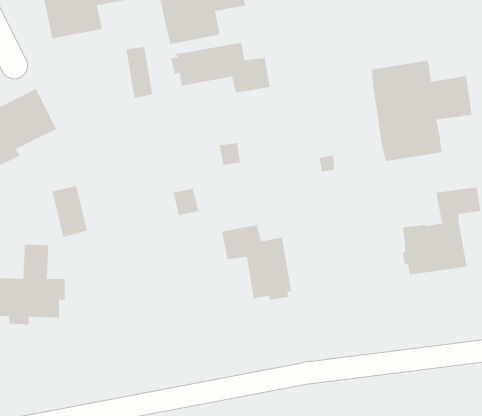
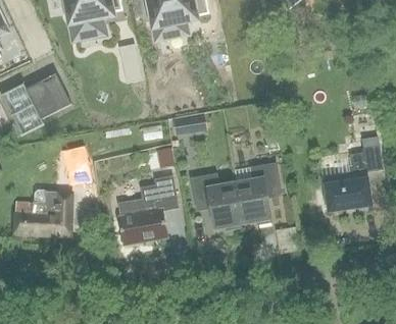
building: [169,42,270,93] -> none
building: [371,60,472,162] -> none
building: none -> [237,162,283,224]
building: none -> [117,175,179,245]

